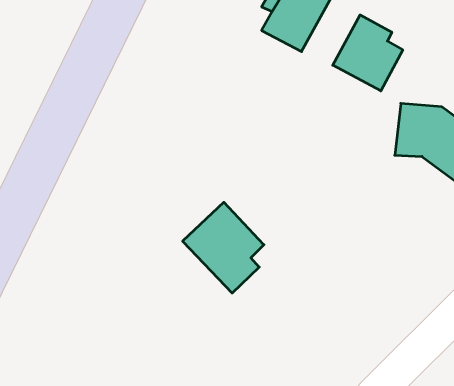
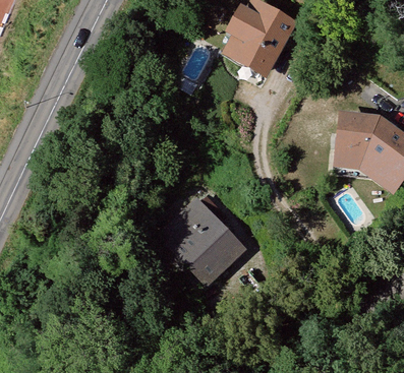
building: [333,15,403,91] -> none

